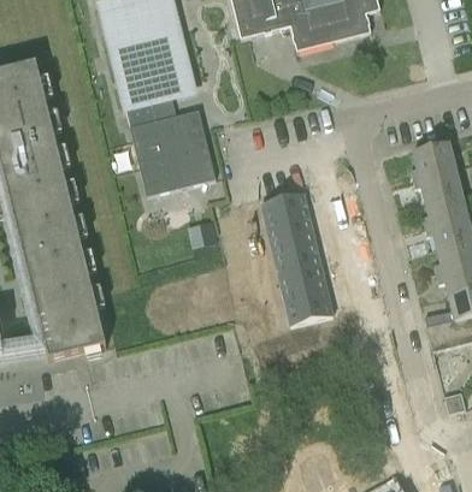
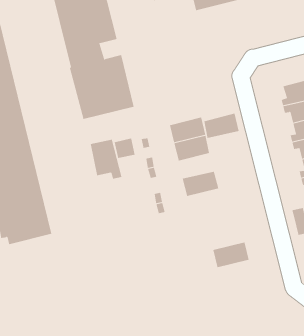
building: none -> [90,139,122,180]
building: [273,239,321,273] -> [203,113,240,138]
building: [284,286,334,321] -> [212,242,250,268]

